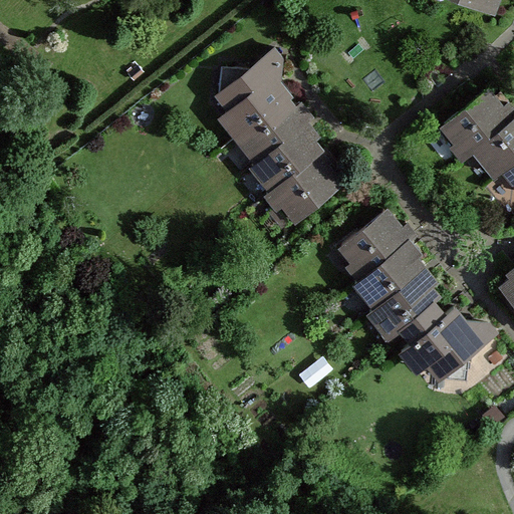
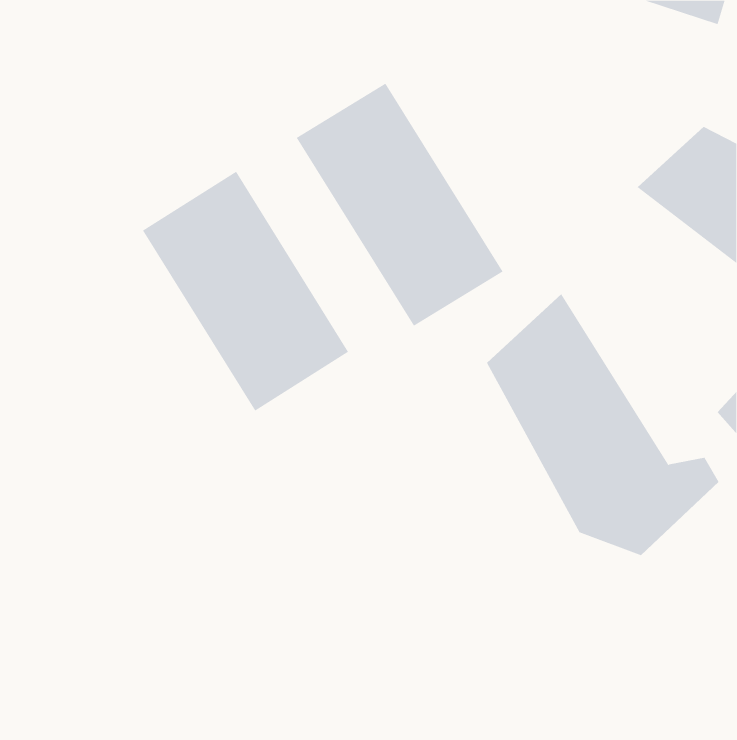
building: none -> [142,171,349,411]

